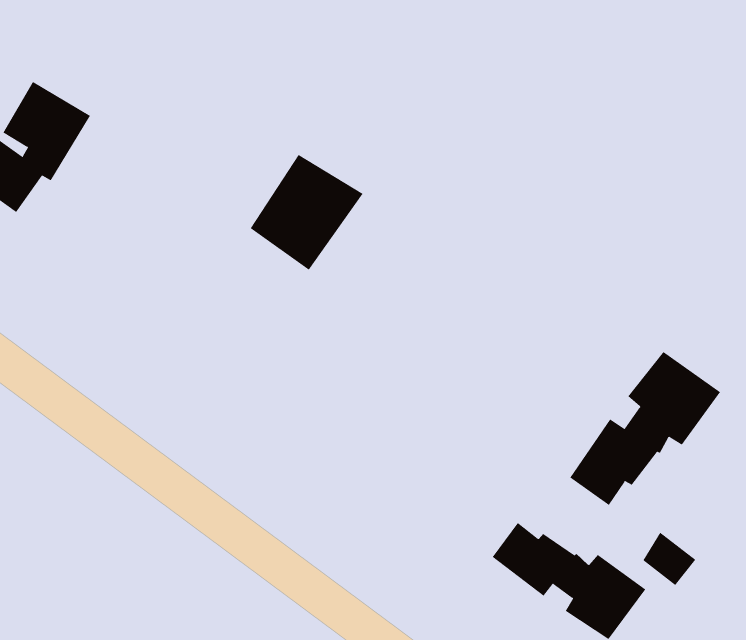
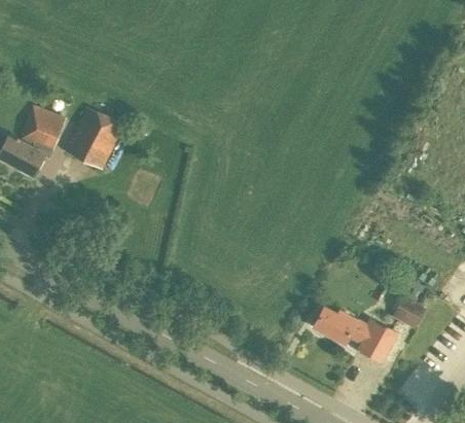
building: [250,154,363,271] -> [66,108,124,170]
building: [569,351,721,506] -> none

